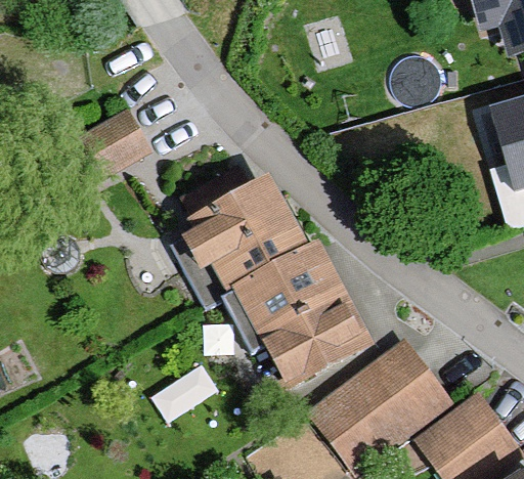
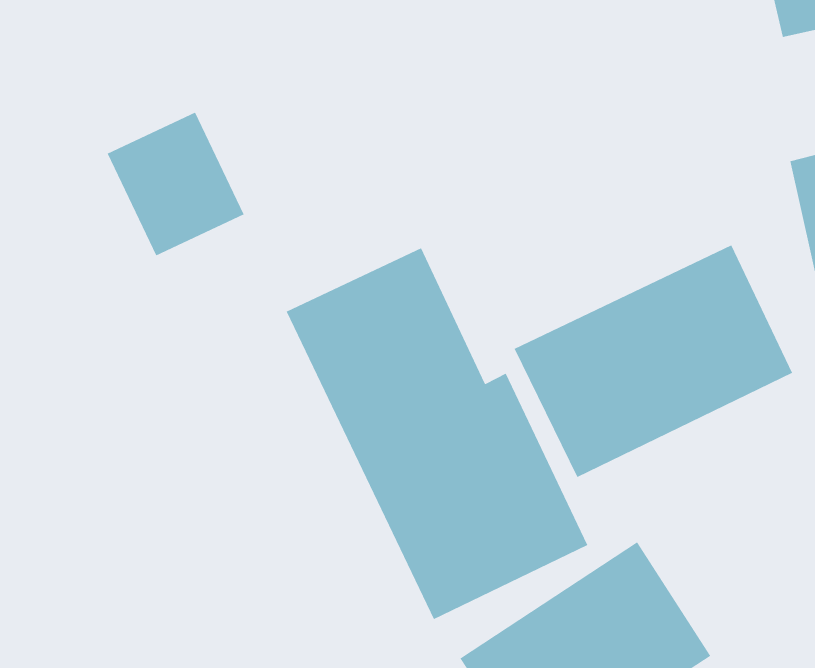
building: none -> [514,244,793,478]

